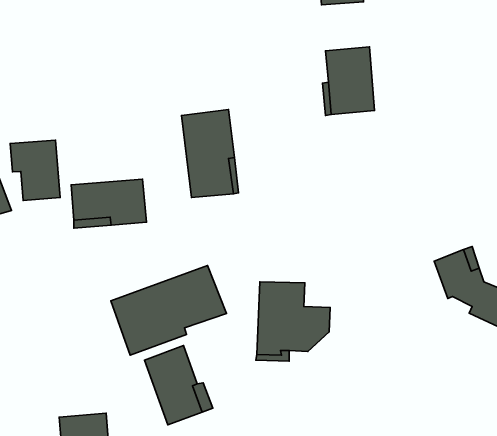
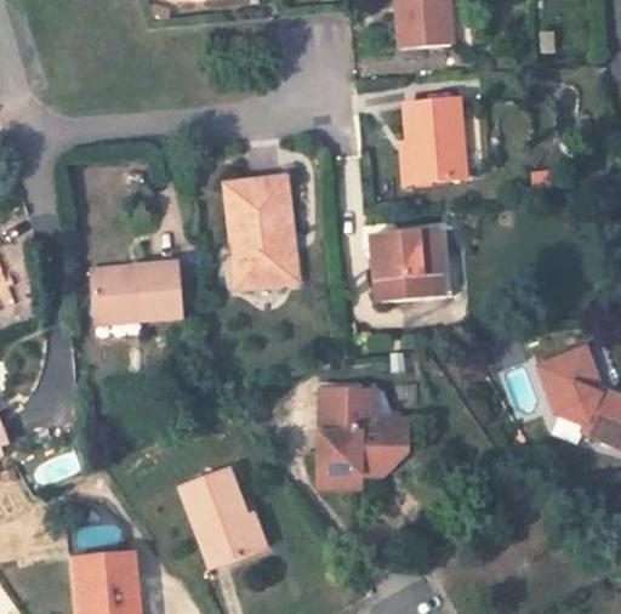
building: [10,140,60,201] -> none
building: none -> [369,227,451,301]
building: [111,266,226,355] -> none

